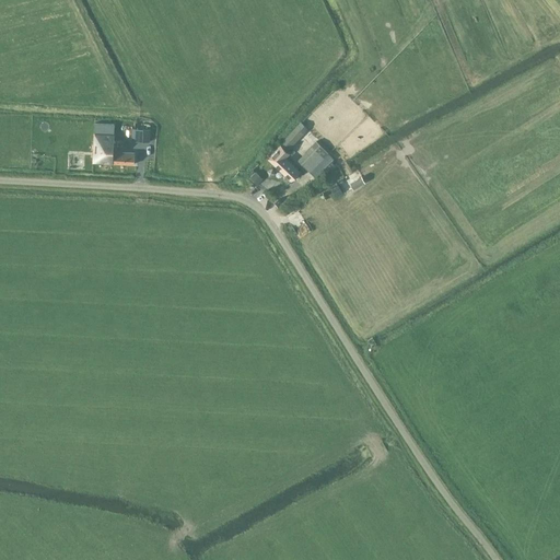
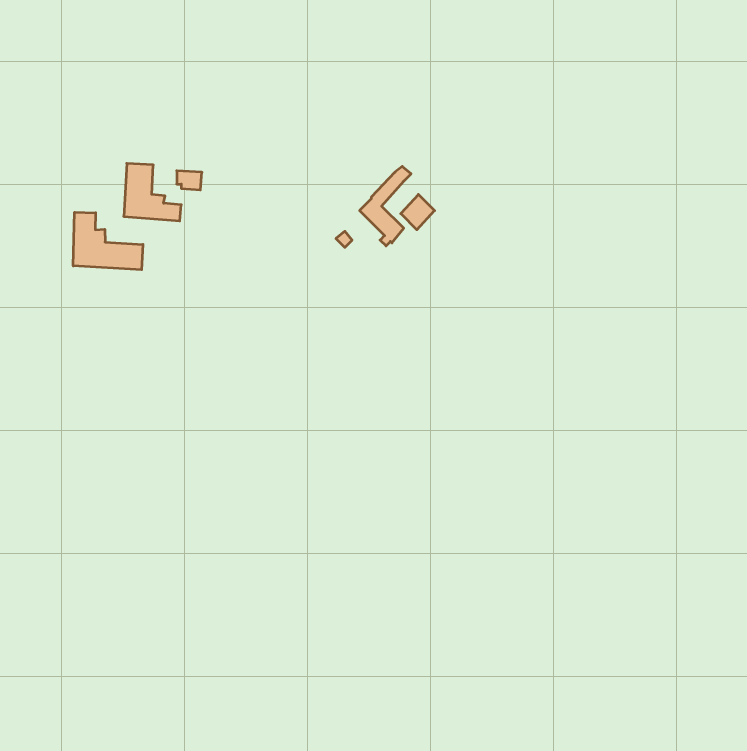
building: none -> [73,212,143,270]

